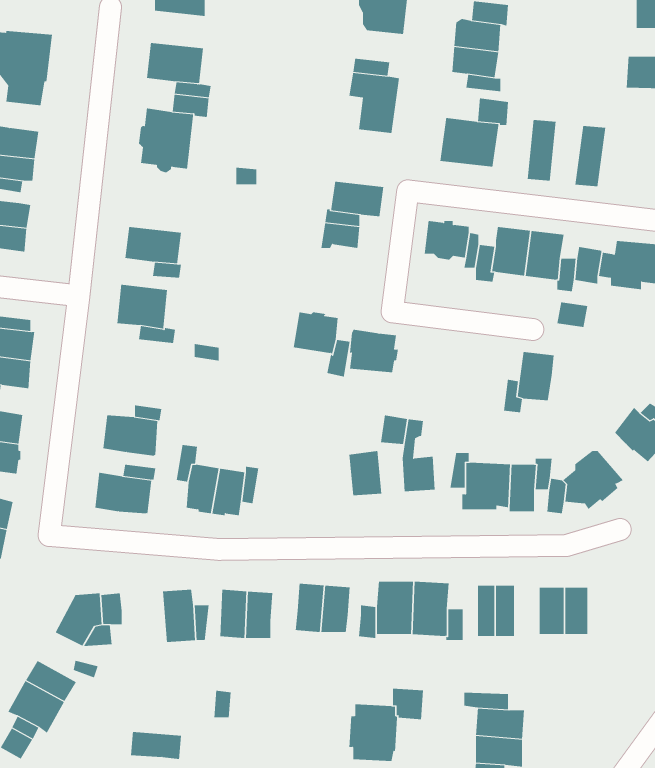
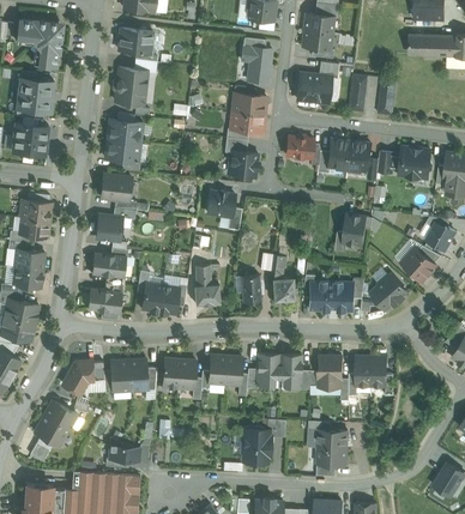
building: none -> [232,95,266,116]
building: none -> [108,120,143,144]
building: [349,329,399,373] -> [229,151,259,177]
building: none -> [96,216,122,242]
building: none -> [194,266,219,306]
building: none -> [110,361,131,393]

